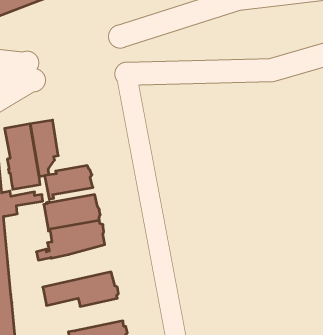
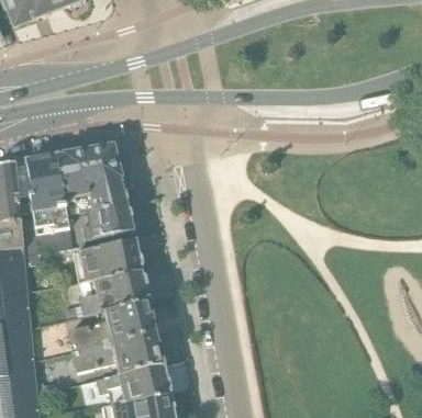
building: none -> [79,145,130,214]
building: none -> [59,298,155,352]
building: none -> [97,363,170,403]

